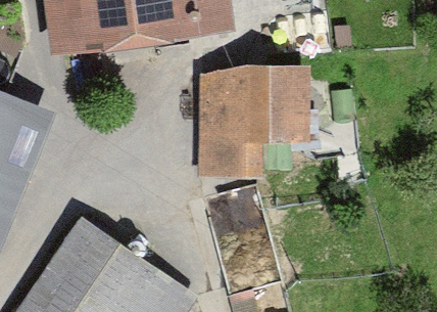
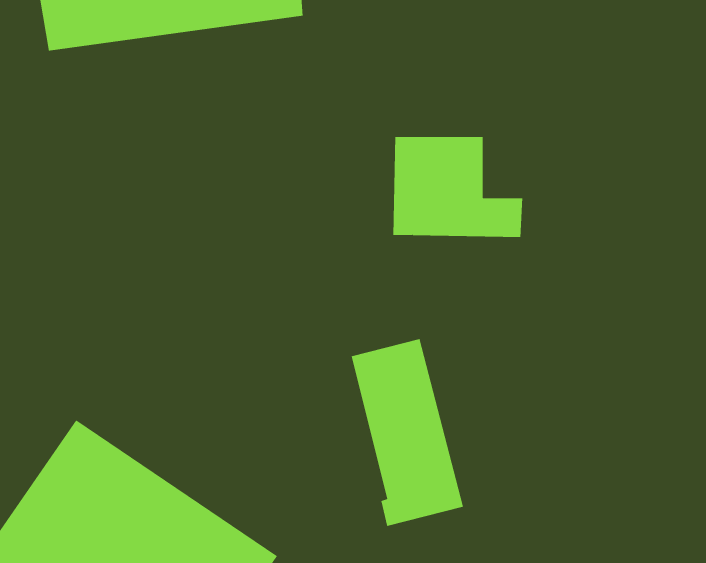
building: [202,80,256,175] -> none

